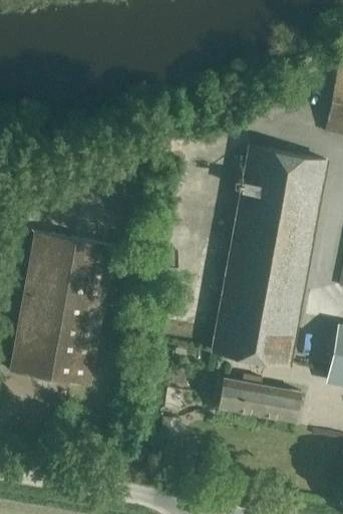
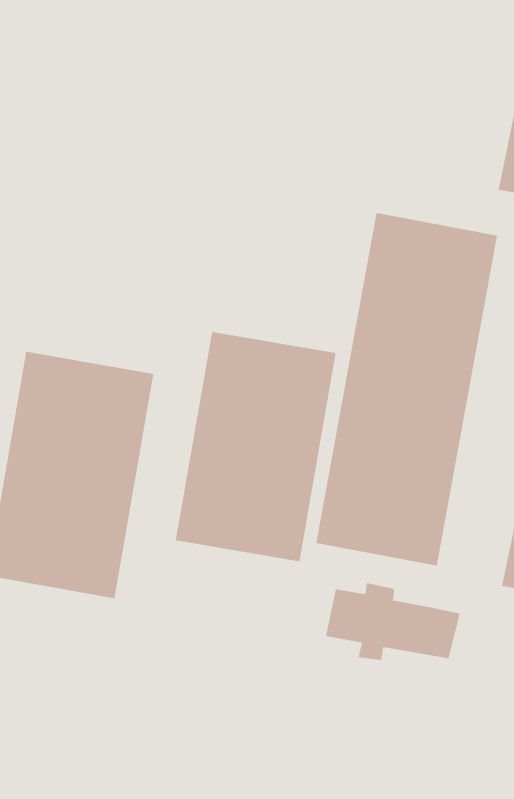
building: none -> [175,331,336,562]

